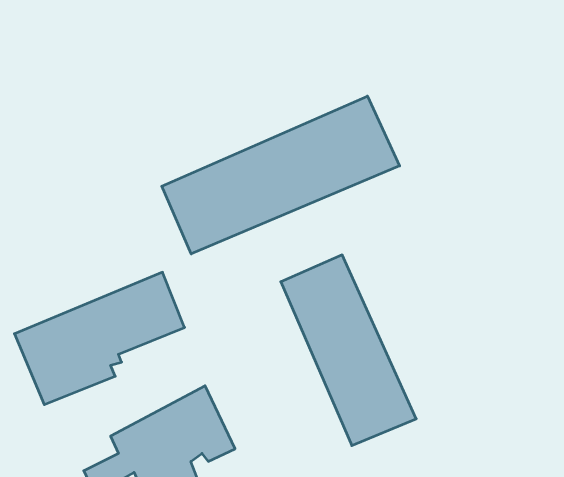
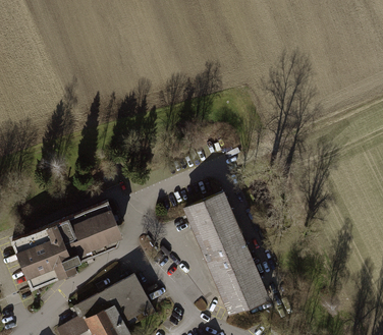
building: [162,96,400,254] -> none

